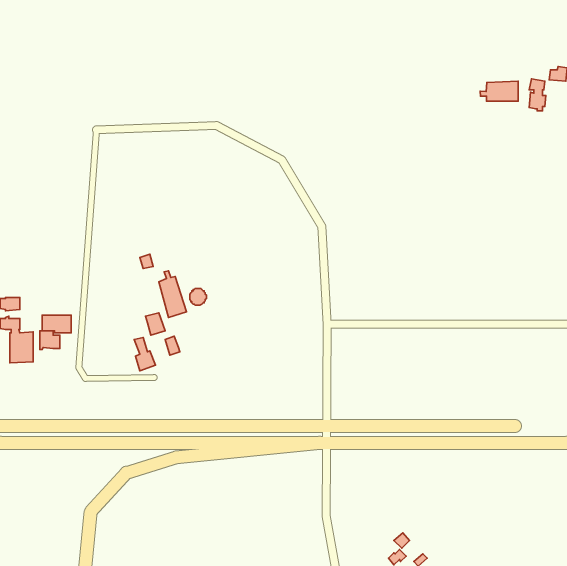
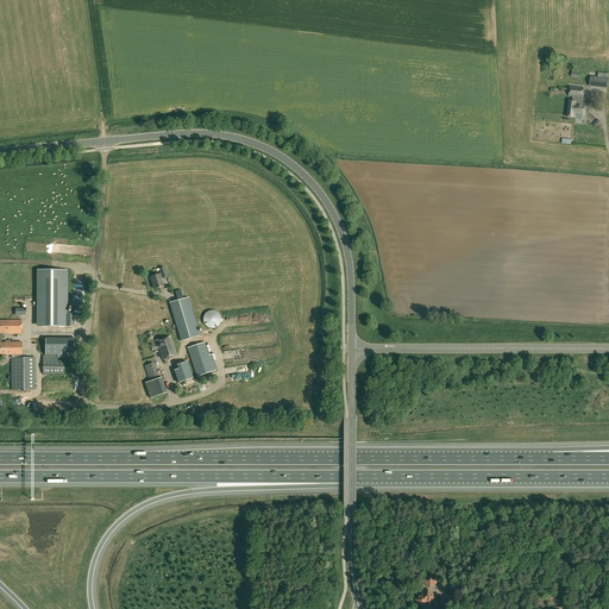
building: [480,81,518,101] -> none
building: none -> [37,269,74,326]
building: none -> [187,341,216,376]

